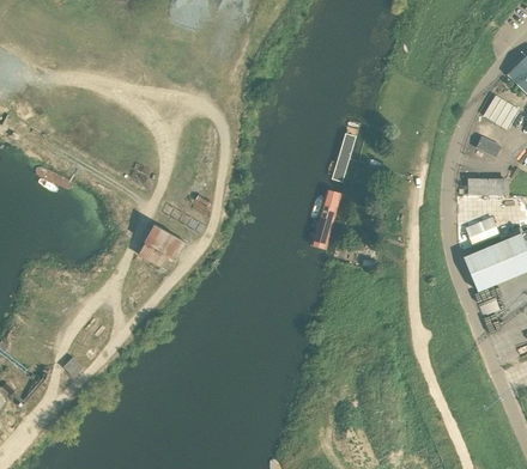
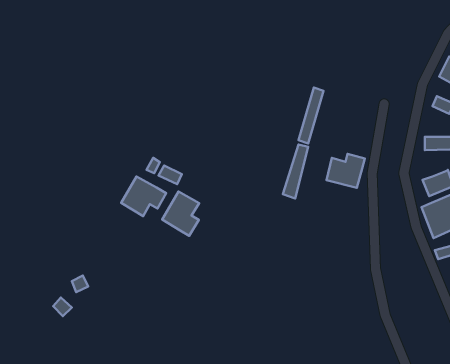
building: none -> [327,154,365,188]
building: none -> [162,191,199,236]

